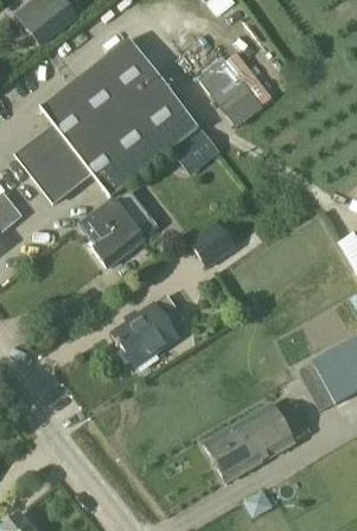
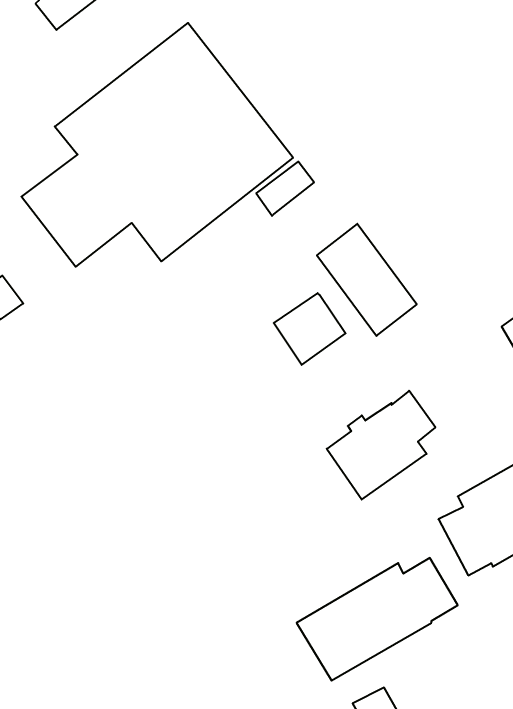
building: [198,56,266,132] -> [317,224,417,336]
building: [81,188,152,264] -> none
building: [111,293,185,366] -> [327,391,435,500]

